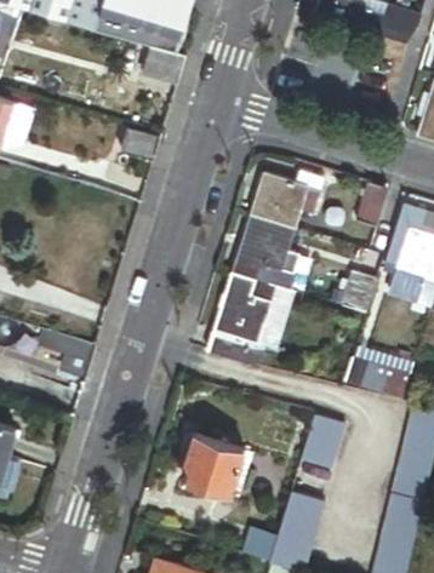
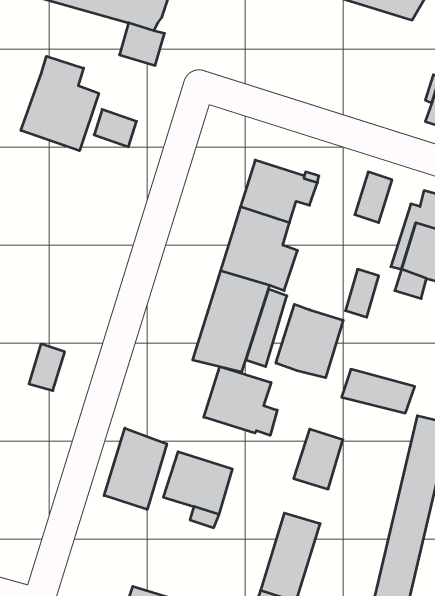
building: none -> [21,56,99,151]
building: none -> [276,304,343,378]
building: none -> [204,367,277,435]
building: none -> [104,428,167,510]

